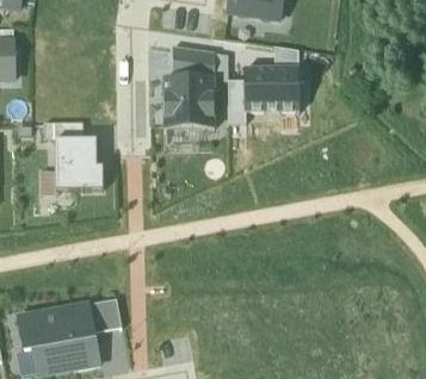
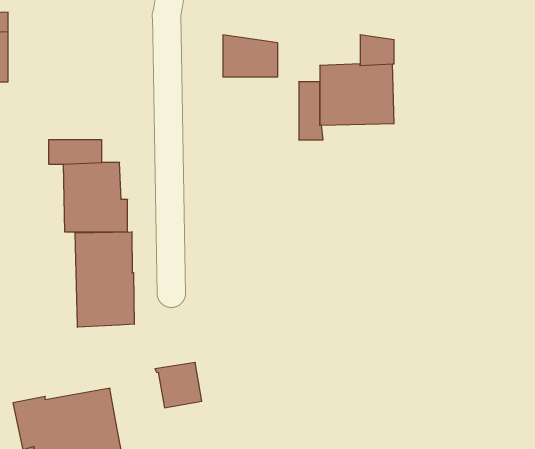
building: [162,76,214,128] -> none
building: none -> [75,232,134,327]
building: [86,299,121,333] -> [155,363,202,408]

